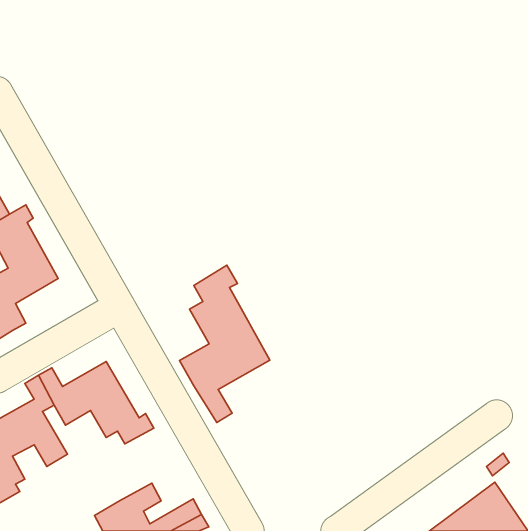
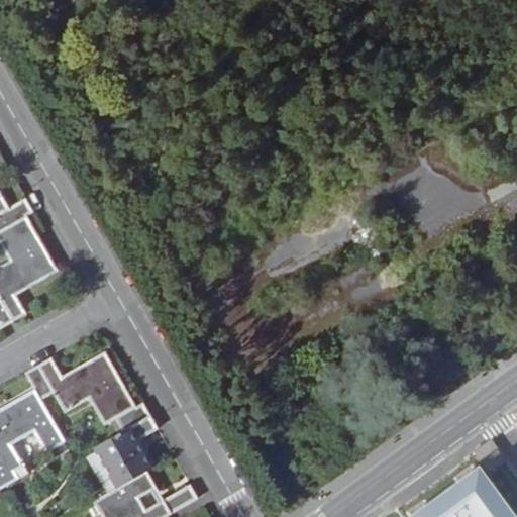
building: [179,265,270,423] -> none
building: none -> [94,416,157,487]

